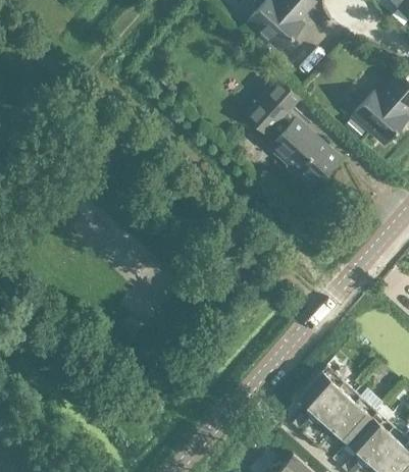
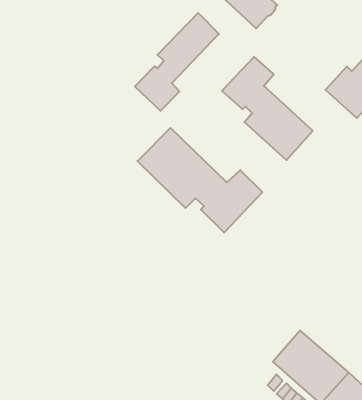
building: none -> [135,13,219,111]
building: none -> [137,128,262,233]

